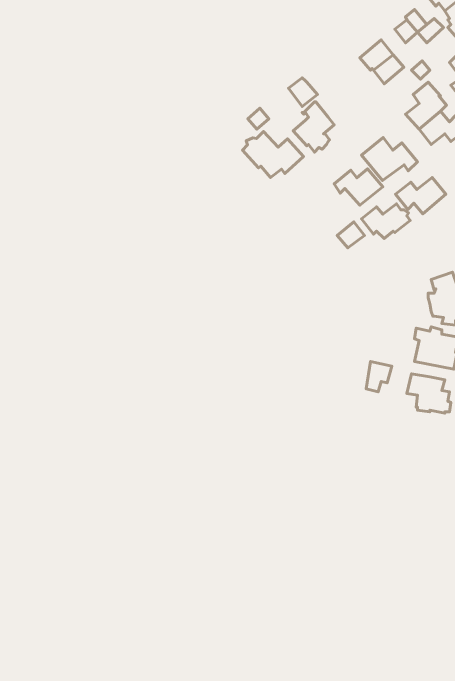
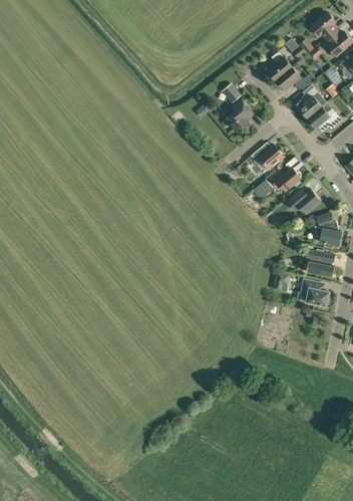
building: [243,132,303,177] -> none
building: [361,138,417,181] -> none
building: [396,177,446,214] -> [287,190,320,214]

